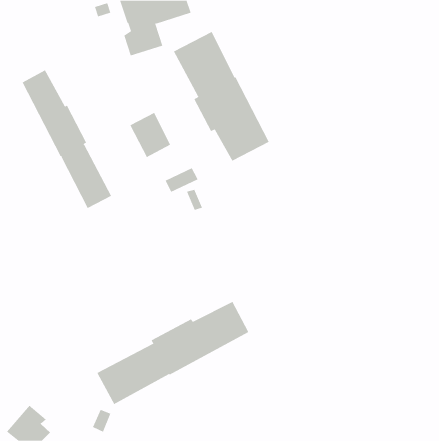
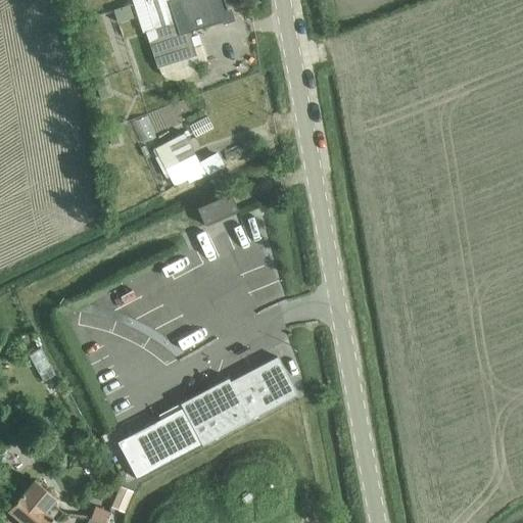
building: [173,31,270,162] -> none
building: [22,70,112,209] -> none

